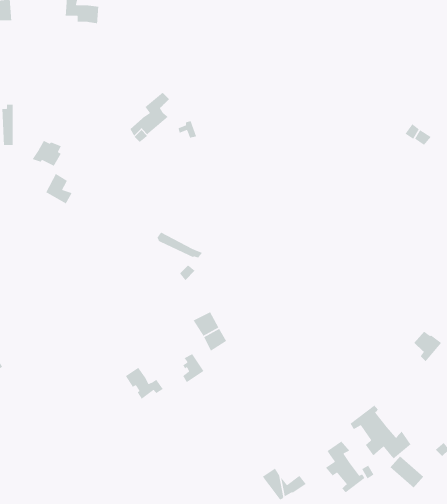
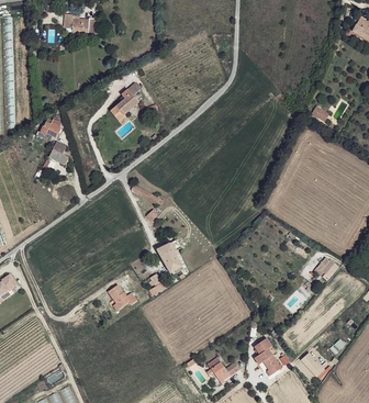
building: [350,404,412,460] -> none

